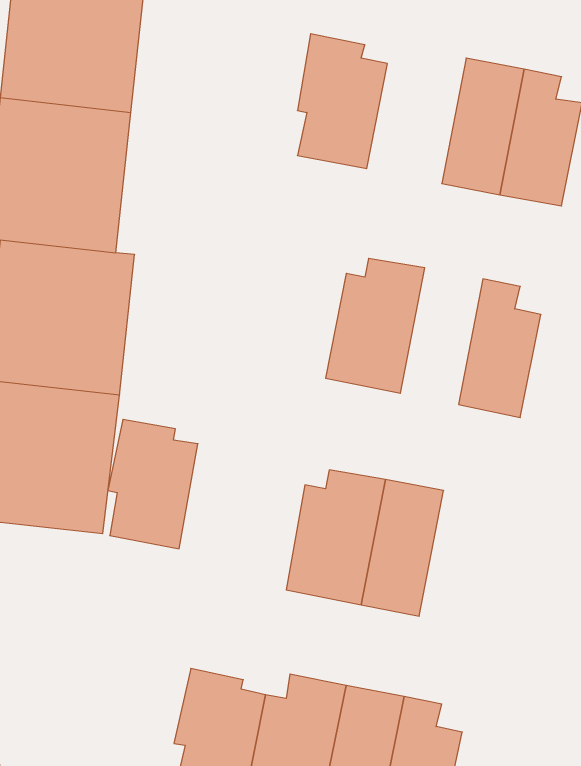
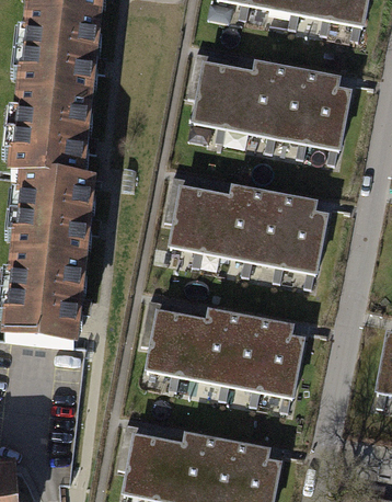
building: none -> [230,59,288,139]
building: none -> [165,178,218,253]
building: none -> [250,189,298,269]
building: [108,419,198,549] -> [141,301,194,377]
building: none -> [261,319,309,400]

